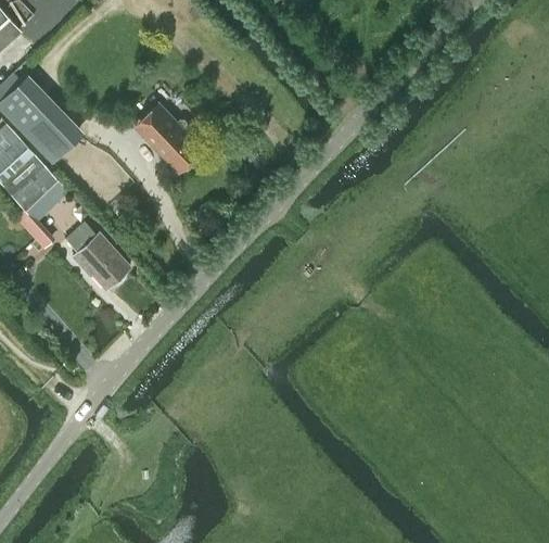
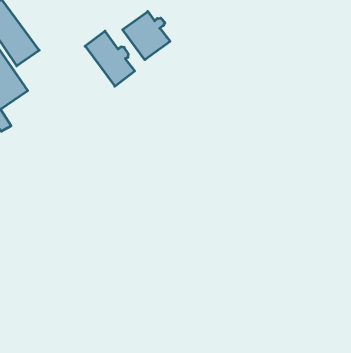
building: none -> [123,11,170,60]
building: [65,220,128,289] -> none

